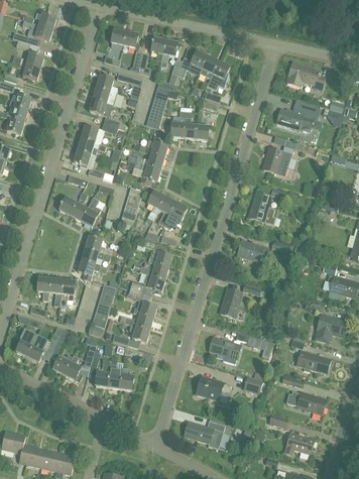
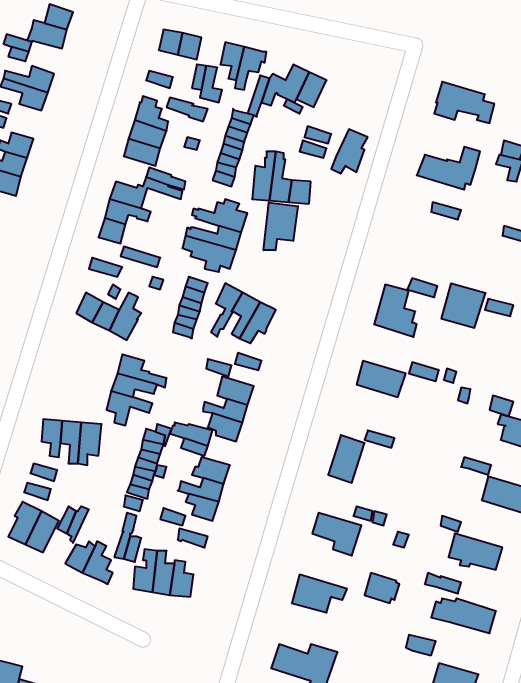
building: [207,61,230,89] -> [331,129,368,174]
building: none -> [264,202,298,250]
building: [262,146,290,174] -> [441,284,486,328]

